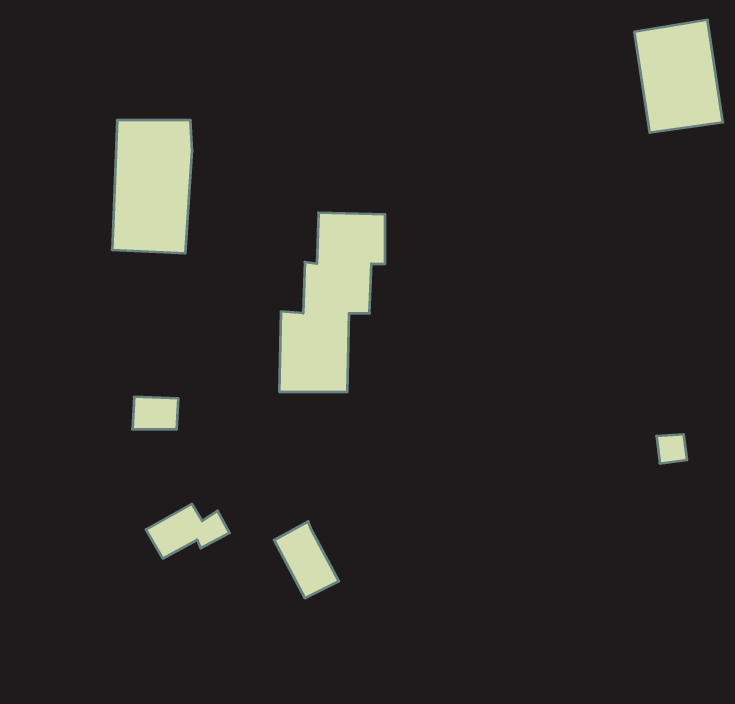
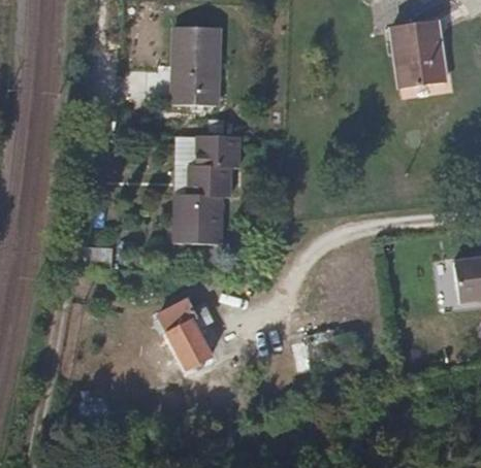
building: [112,120,192,253] -> [171,27,220,107]
building: [146,504,230,558] -> [160,300,211,333]

